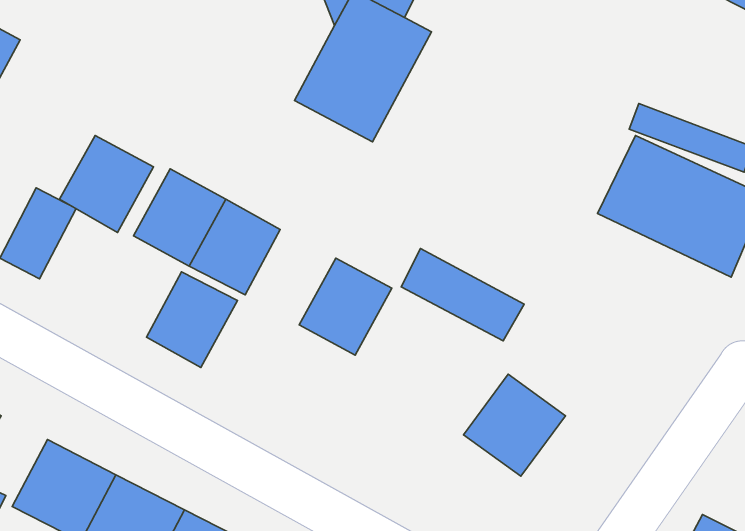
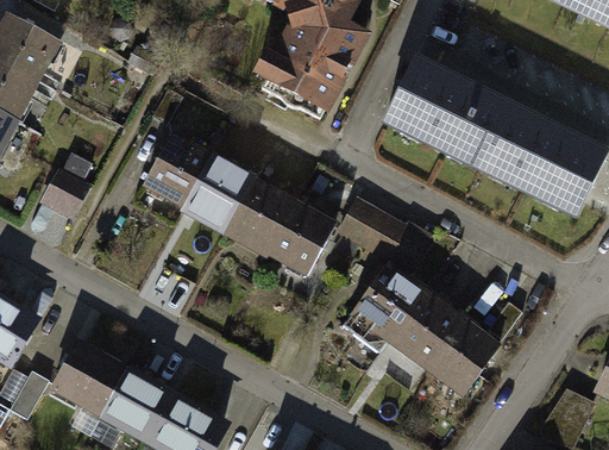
building: none -> [389,64,516,170]
building: [59,136,153,233] -> none
building: [147,272,237,367] -> [225,182,293,254]
building: none -> [341,265,421,351]
building: none -> [429,321,497,392]

